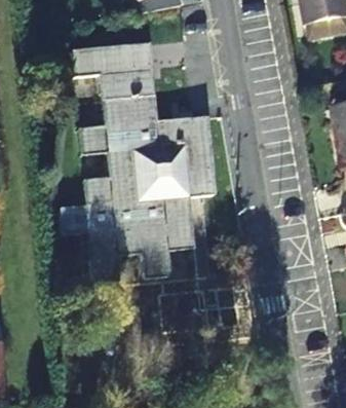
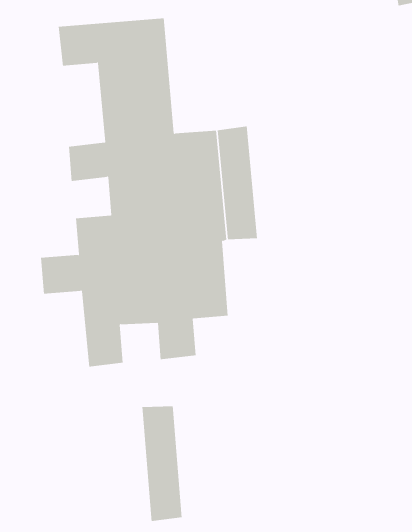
building: none -> [142,405,182,522]

